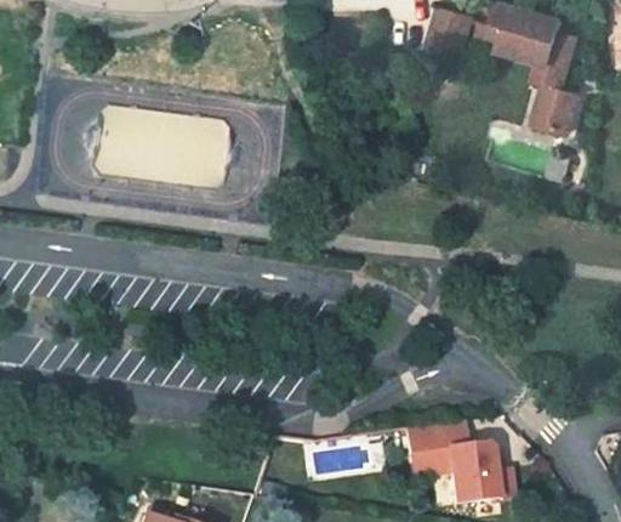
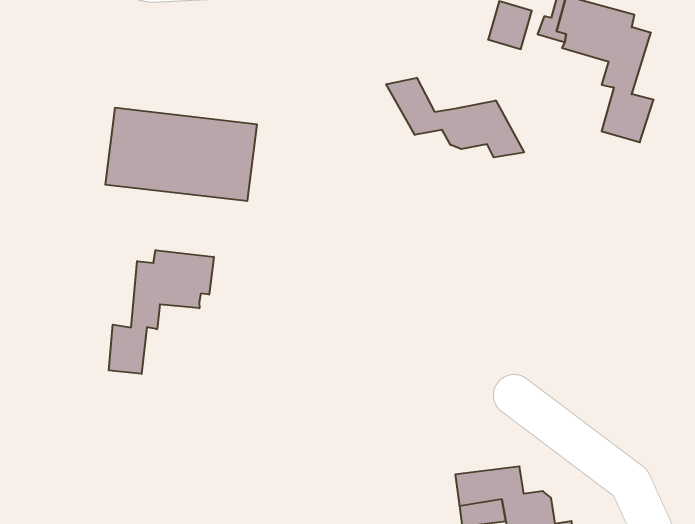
building: none -> [386,78,524,157]
building: none -> [109,250,214,374]

